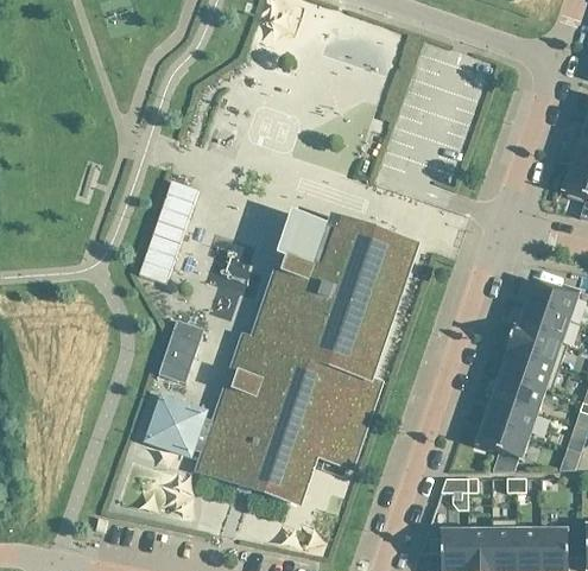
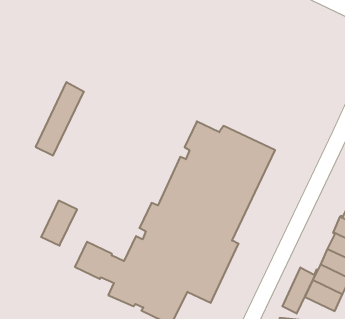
building: [138,178,197,283] -> [36,82,84,155]
building: [157,319,203,382] -> [41,201,77,246]
building: none -> [282,267,317,314]

